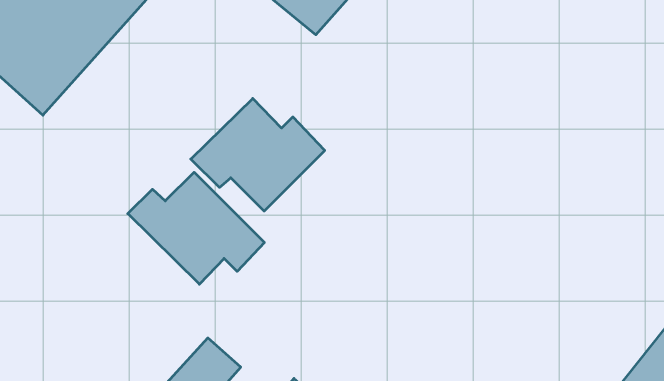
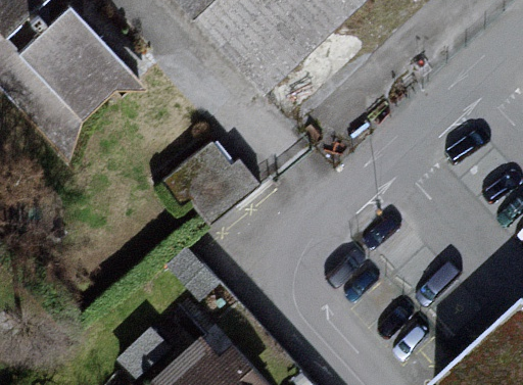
building: [128,172,264,284] -> none

